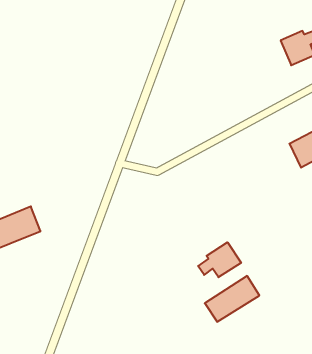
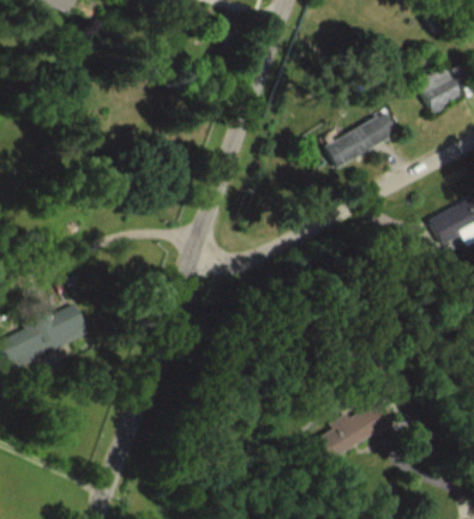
building: none -> [323,111,400,168]
building: [198,242,241,277] -> none

